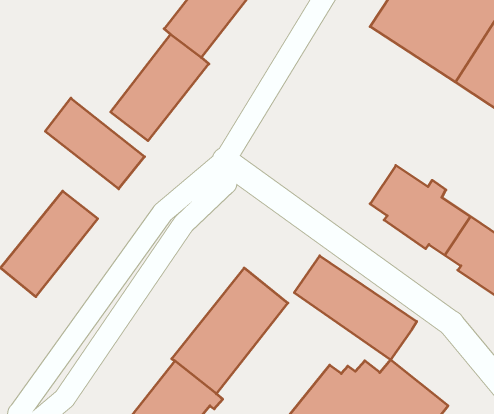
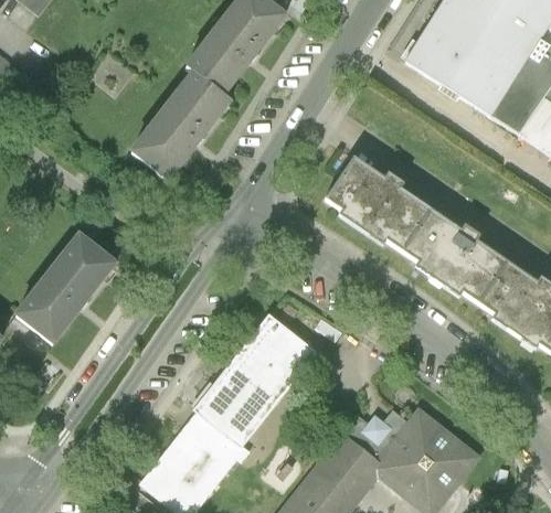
building: [45,98,145,189] -> none
building: none -> [322,154,426,247]
building: [294,256,417,360] -> none

